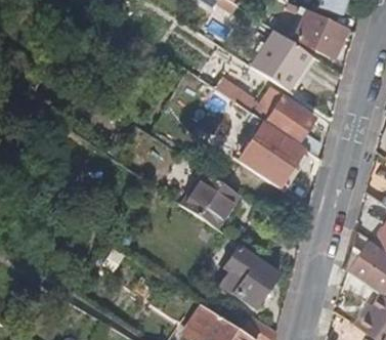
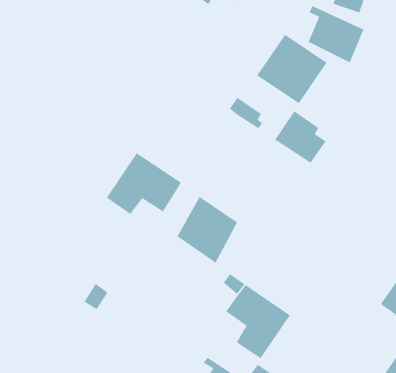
building: [242,123,303,185] -> none
building: none -> [106,152,182,215]

